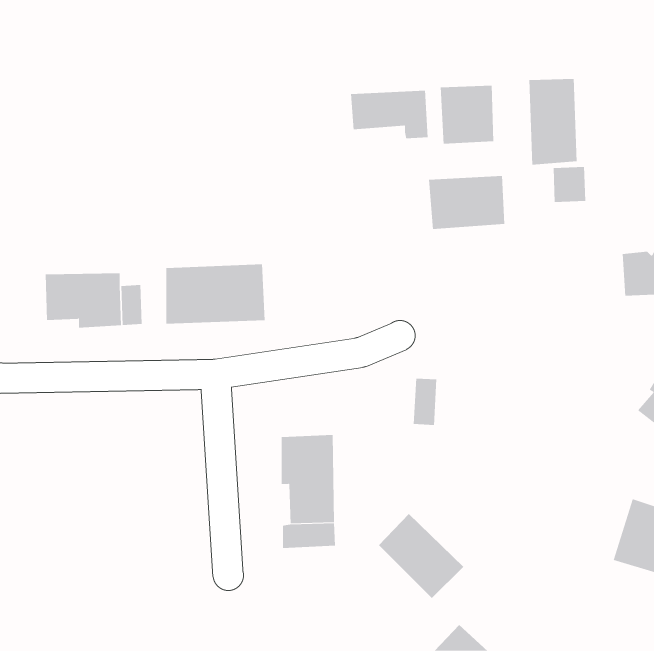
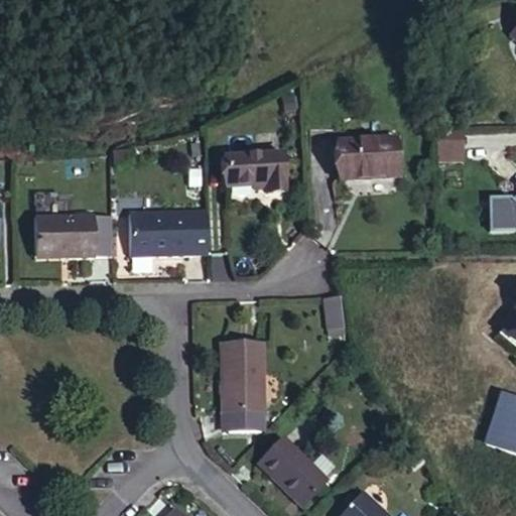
building: [529,78,577,166] -> none
building: [440,85,494,145] -> none
building: [350,90,429,139] -> [225,153,286,191]
building: [378,513,464,599] -> [260,437,328,505]

